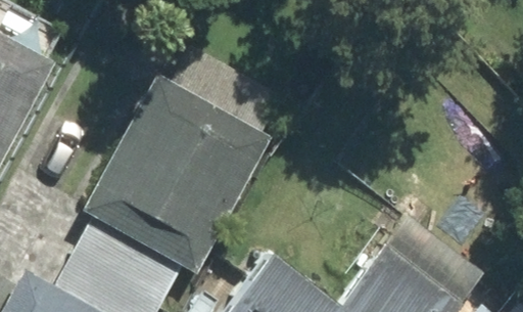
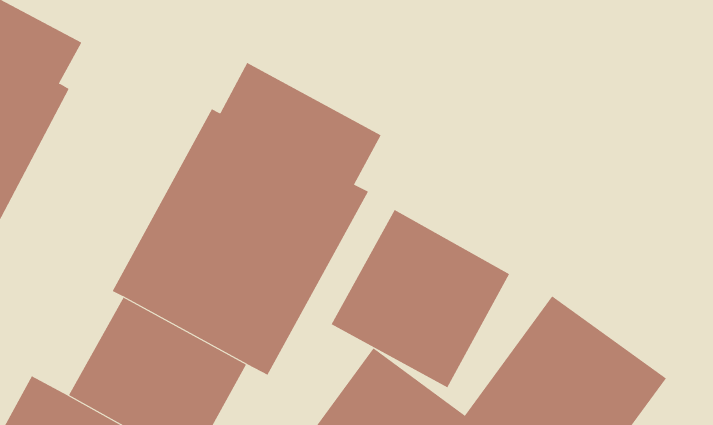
building: none -> [331,209,510,388]

